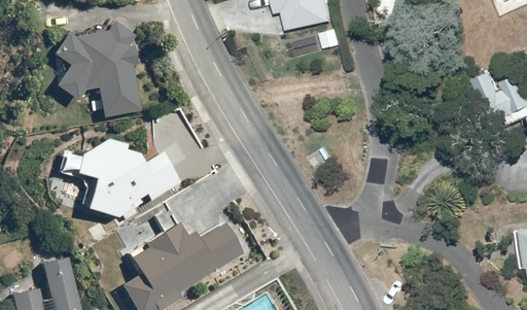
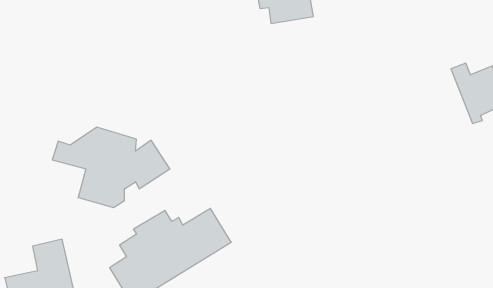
building: [54,21,137,115] -> none

